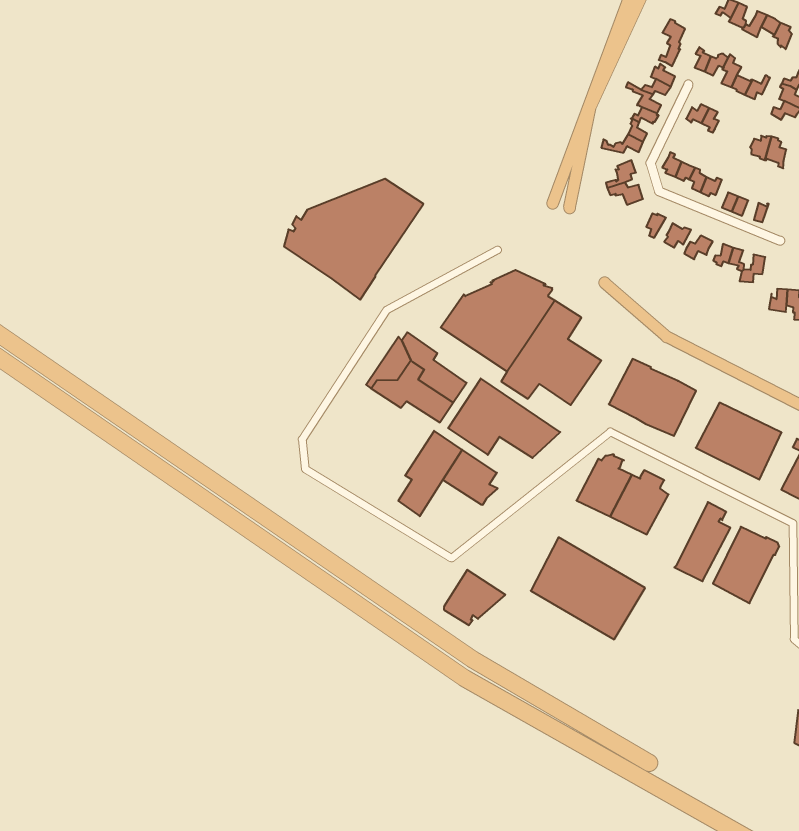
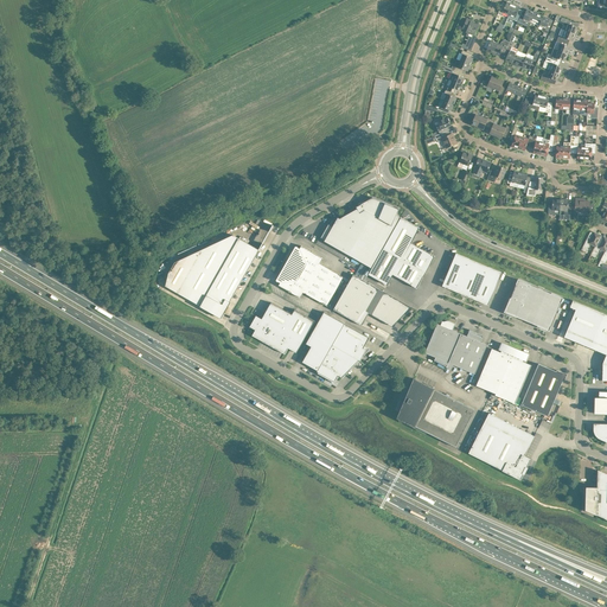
building: [284,179,423,300] -> [165,235,258,319]
building: none -> [249,302,313,354]
building: none -> [475,344,513,394]
building: [444,570,505,625] -> [317,345,358,383]
building: none -> [467,418,530,480]

